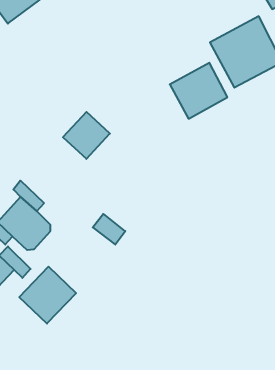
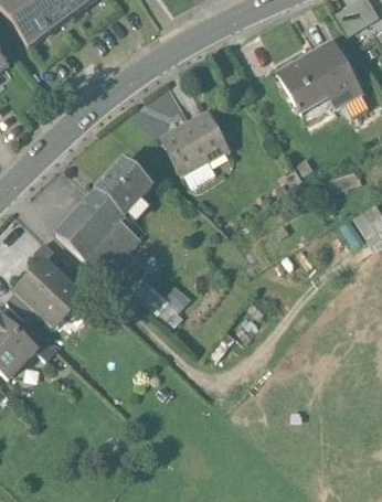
building: [170,63,227,119] -> [159,107,230,175]
building: none -> [55,185,140,274]
building: [19,267,76,324] -> none

